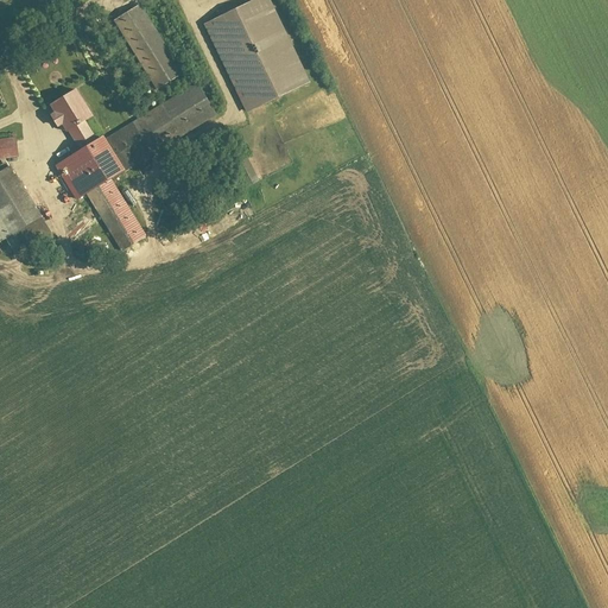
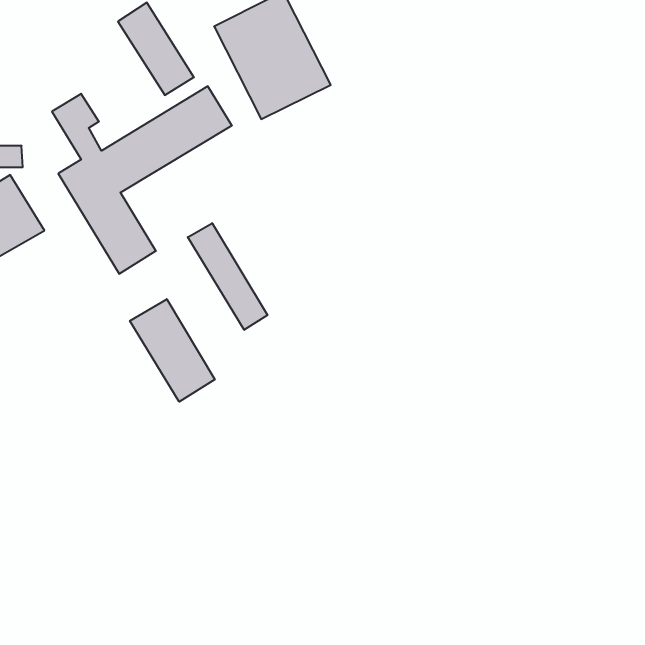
building: none -> [188,223,267,330]
building: none -> [130,299,215,402]

